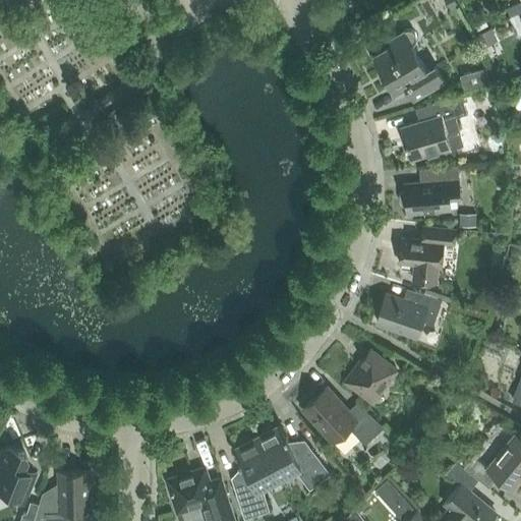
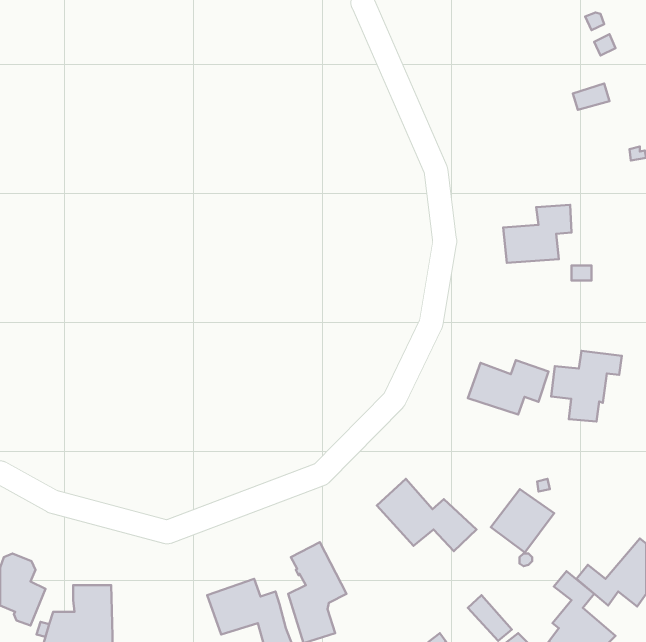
building: [373,32,445,101] -> none
building: [401,97,467,162] -> none
building: [399,228,456,285] -> [551,351,622,422]
building: [346,352,397,403] -> [491,489,554,552]
building: [257,427,331,493] -> none

